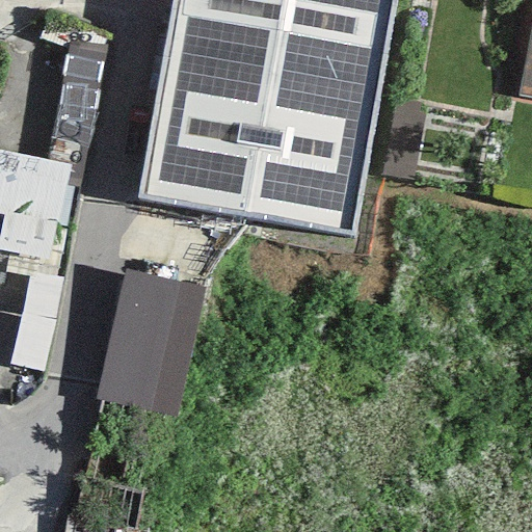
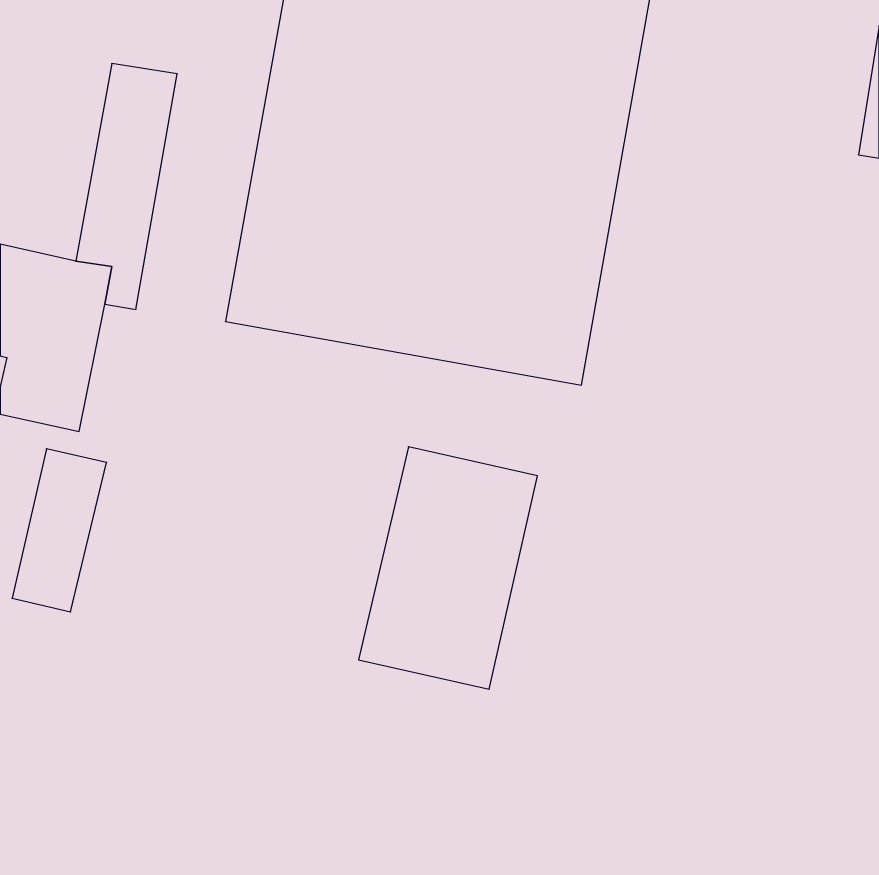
building: [96,269,204,416] -> [359,447,537,689]

